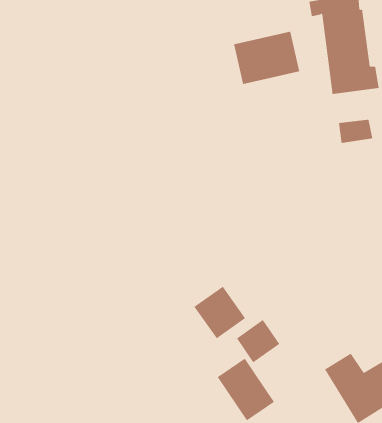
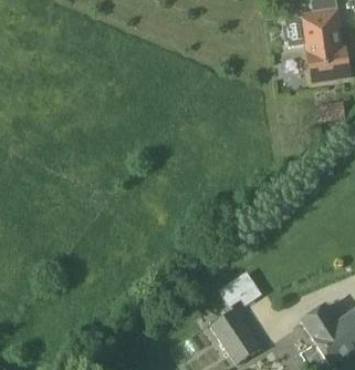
building: [234,31,300,85] -> none
building: [193,286,246,339] -> none

